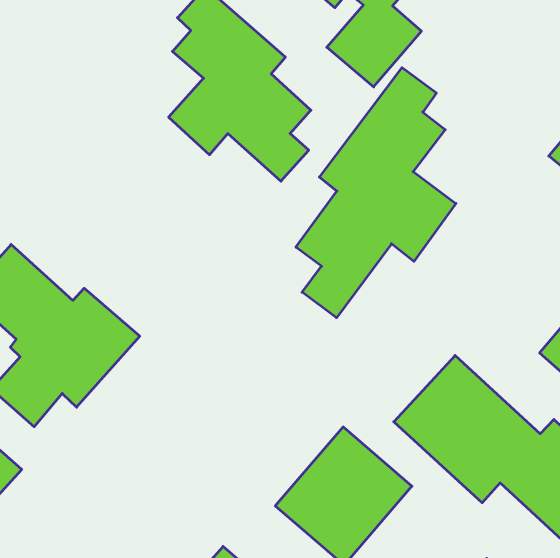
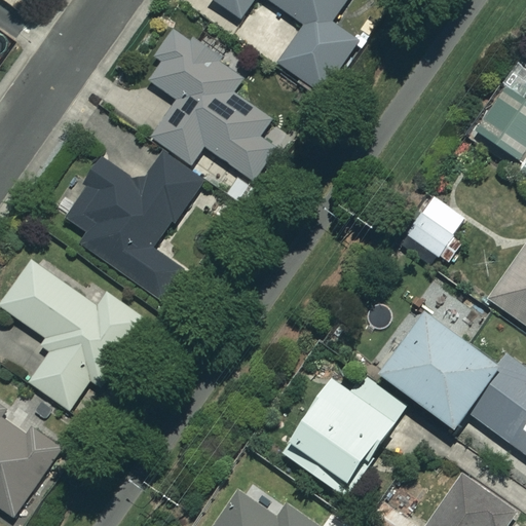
building: [296,68,456,318] -> none
building: none -> [67,156,202,300]
building: none -> [408,197,465,258]

